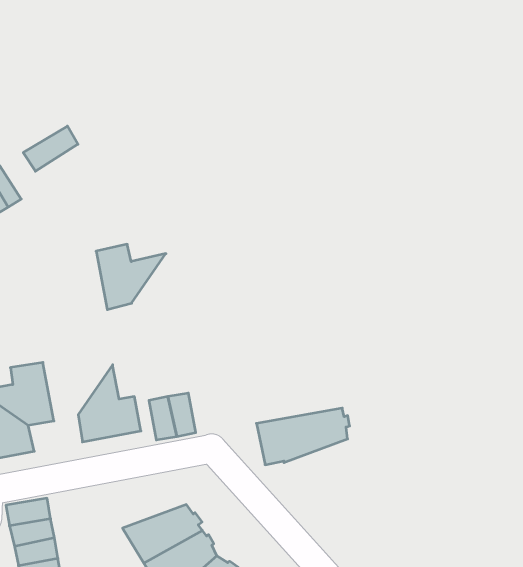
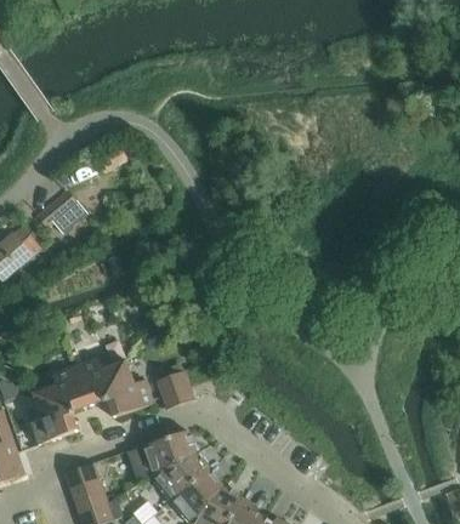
building: [96,244,166,310] -> [74,357,125,406]
building: [256,408,350,465] -> [126,431,194,480]

